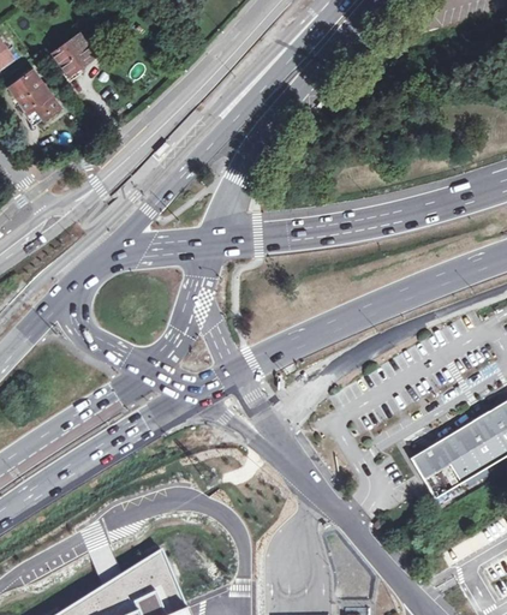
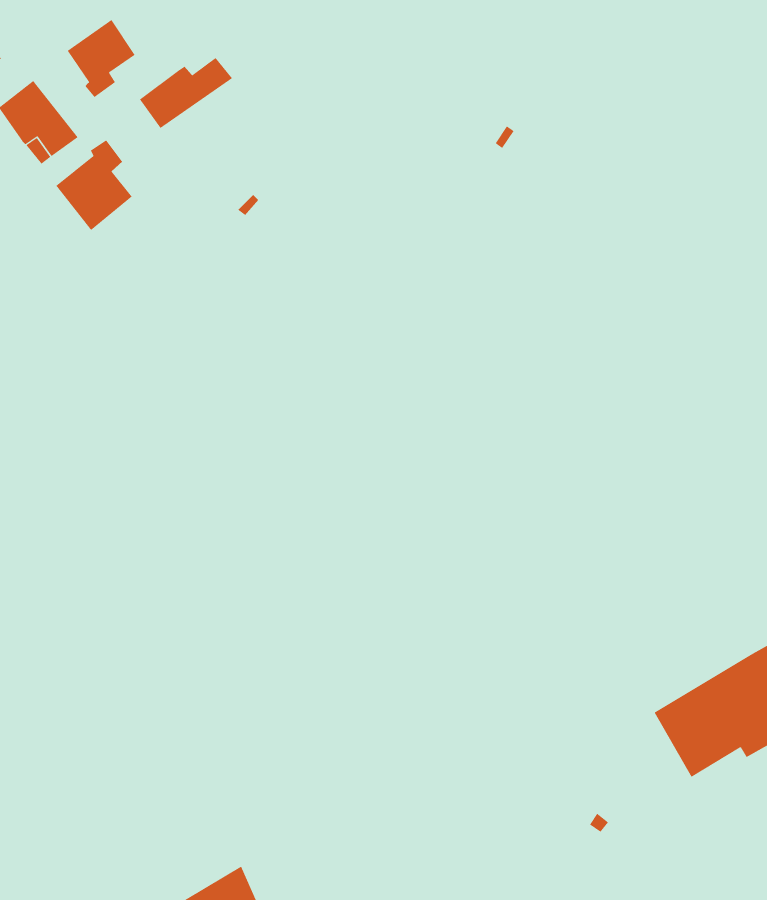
building: none -> [139,57,233,129]
building: none -> [55,139,133,231]

